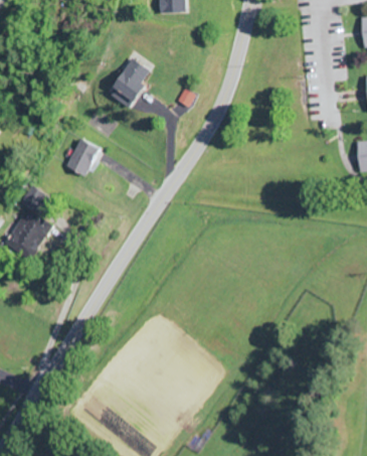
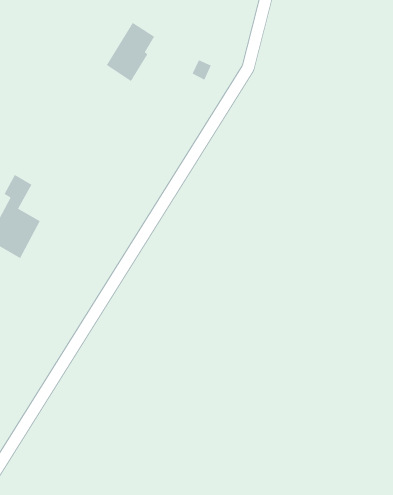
building: [67,139,99,175] -> none

